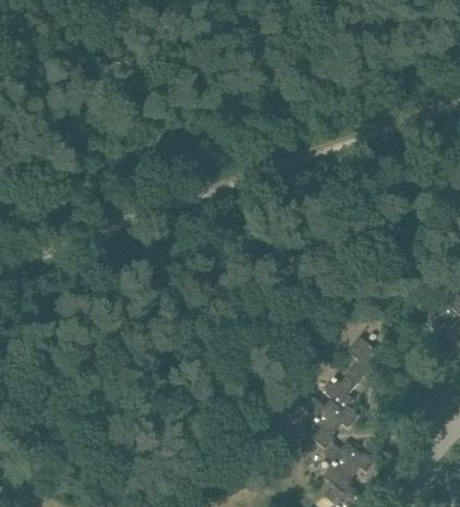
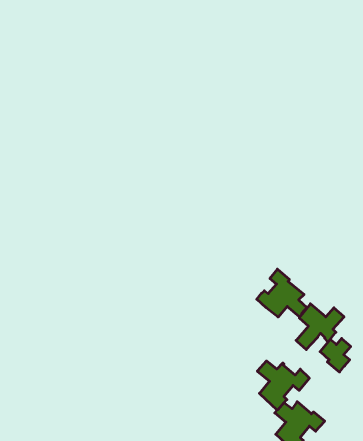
building: none -> [257,269,307,317]
building: [323,375,355,411] -> [320,338,351,372]

